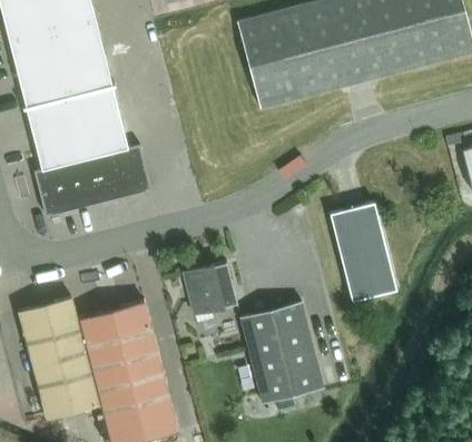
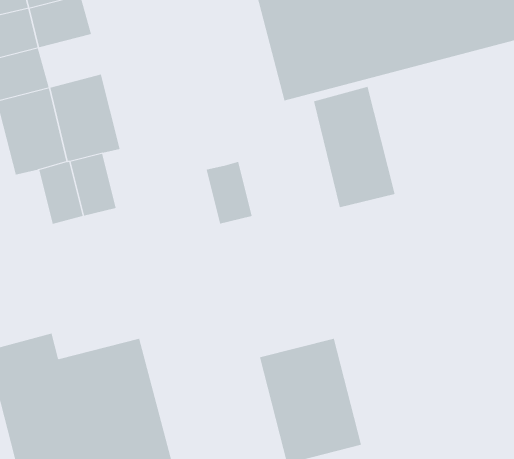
building: [60,53,111,97] -> none
building: [112,144,150,195] -> [206,161,253,224]
building: [33,164,71,215] -> none
building: [330,202,396,301] -> [313,86,395,208]
building: [184,262,237,314] -> none

